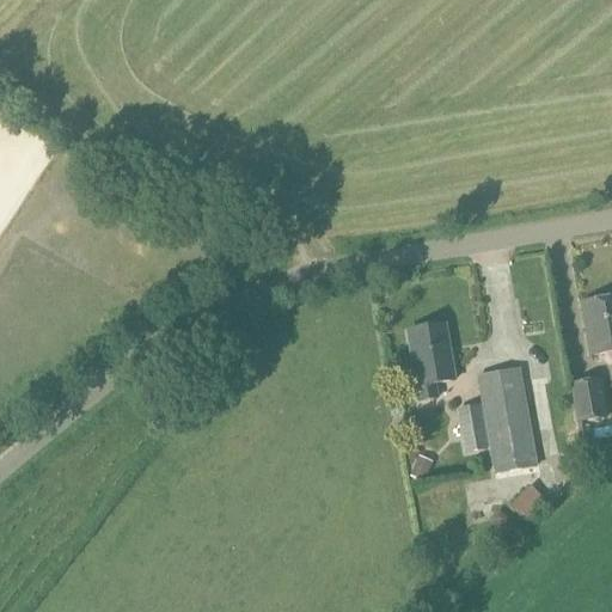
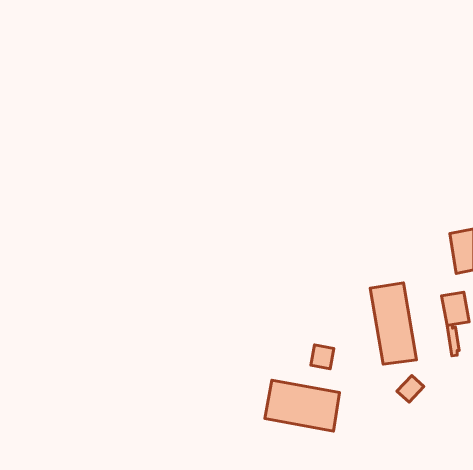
building: [408,323,455,398] -> none
building: [459,403,488,451] -> none
building: none -> [265,380,340,431]

